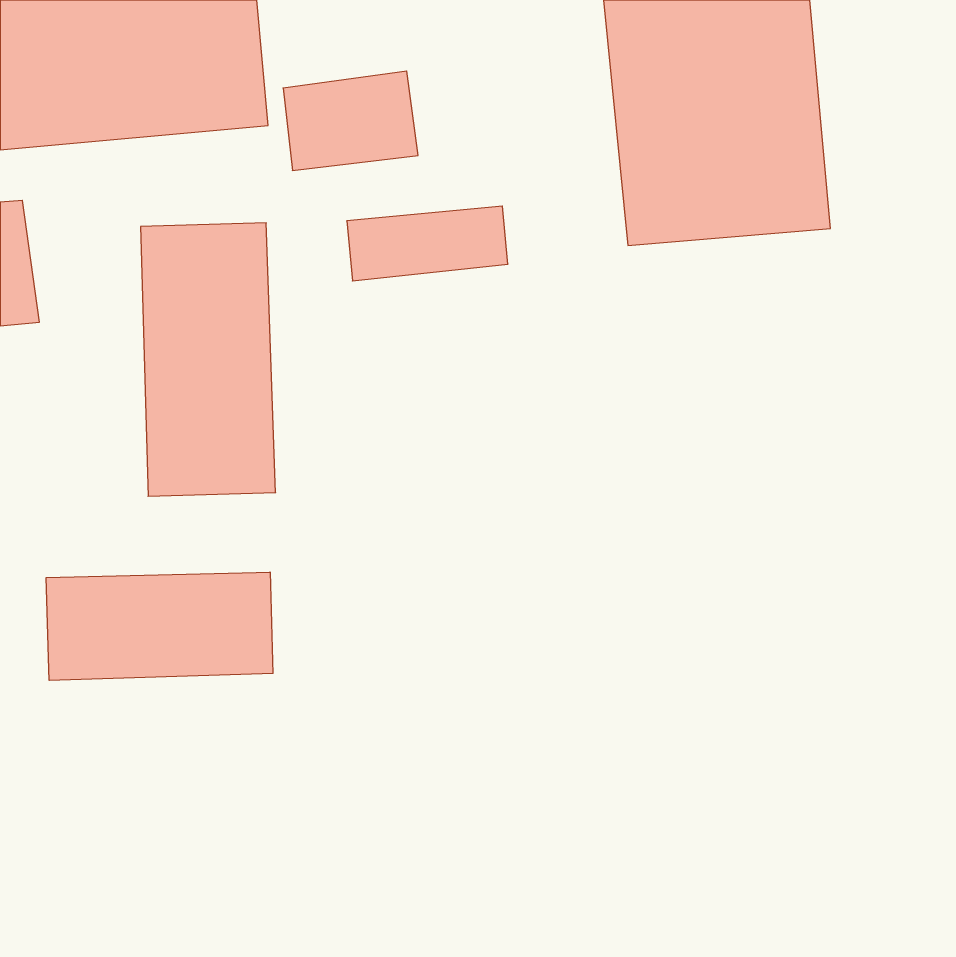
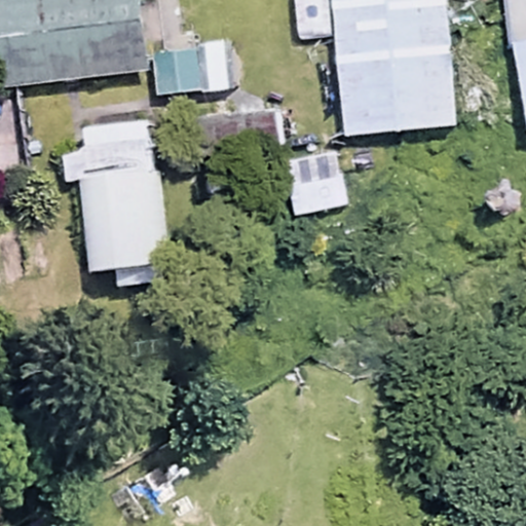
building: [46,572,273,680] -> none

